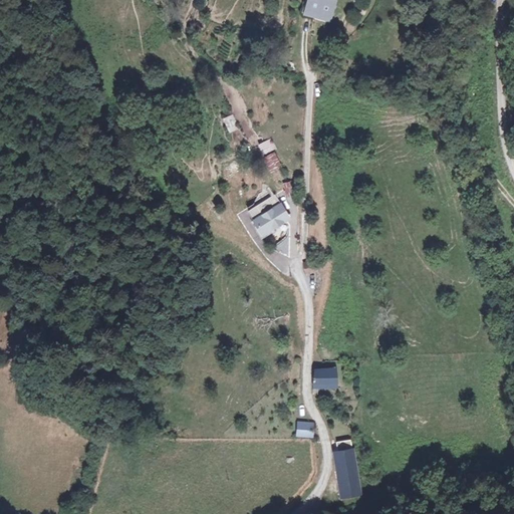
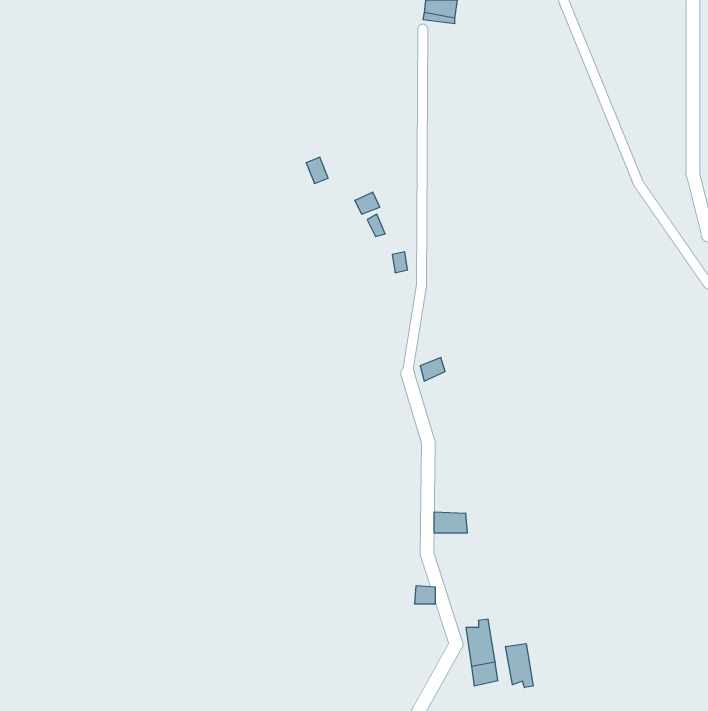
building: [249,202,287,232] -> none
building: none -> [506,644,533,688]

